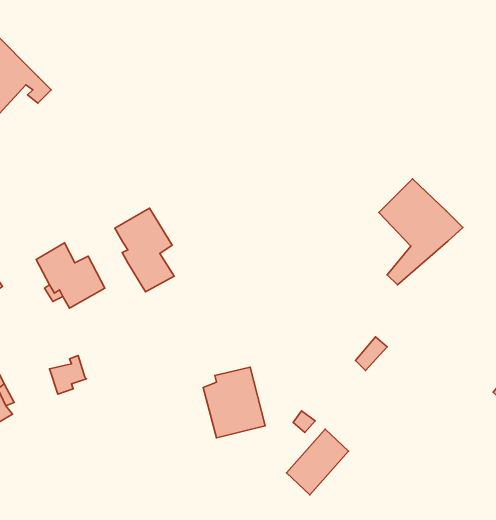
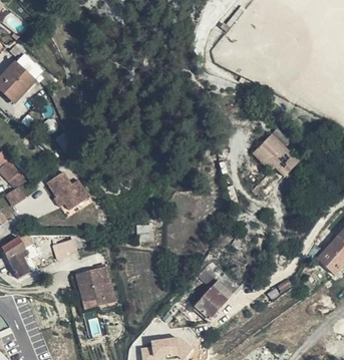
building: [115,208,174,292] -> none
building: [203,367,265,438] -> [77,267,114,309]

